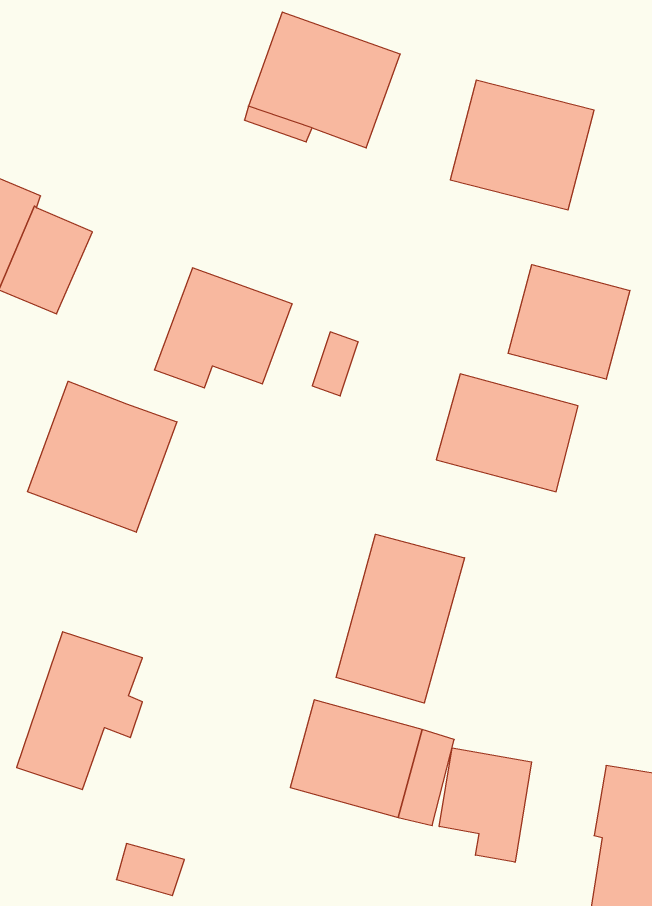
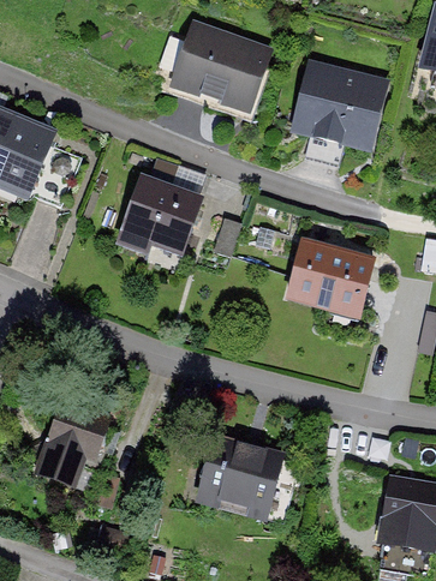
building: [508,265,630,379] -> none
building: [28,381,177,532] -> none
building: [336,534,465,703] -> none
building: [439,748,532,862] -> none

